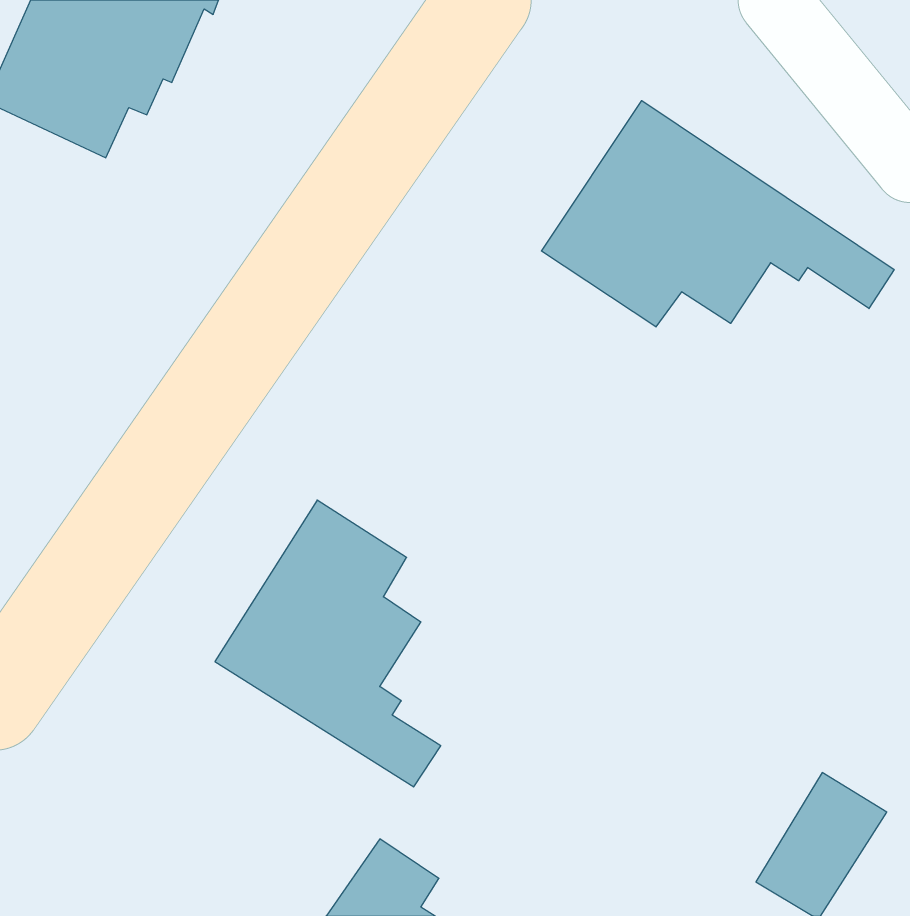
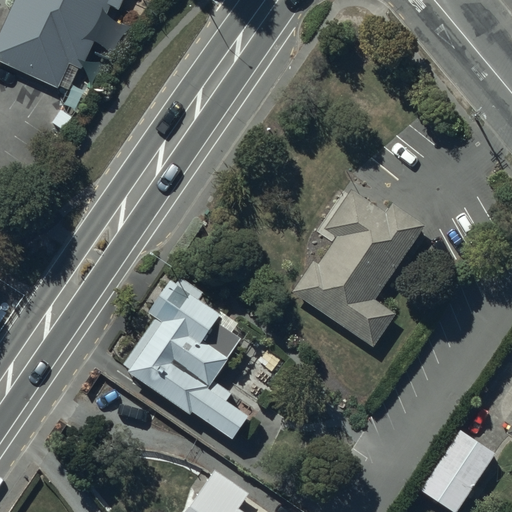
building: [541,101,894,327] -> none
building: none -> [292,189,424,346]

